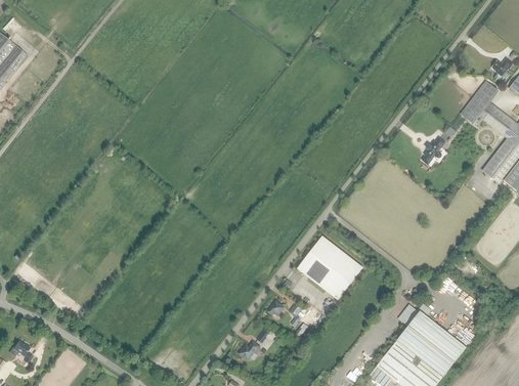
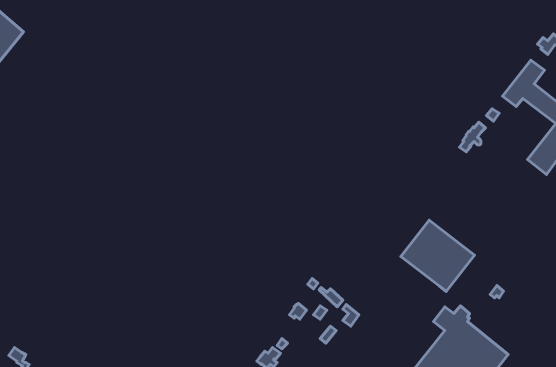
building: [296,235,362,300] -> [401,220,474,292]

